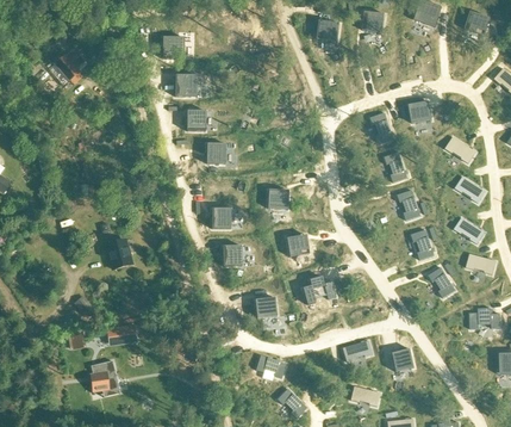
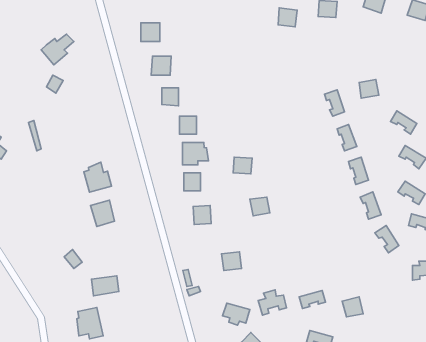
building: none -> [182,142,208,165]
building: none -> [84,162,112,192]
building: [303,276,335,304] -> [258,290,287,315]

